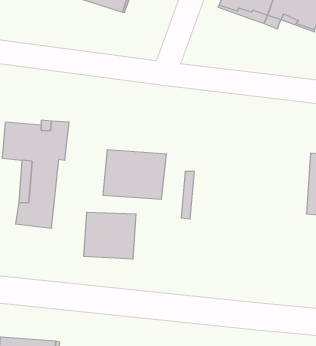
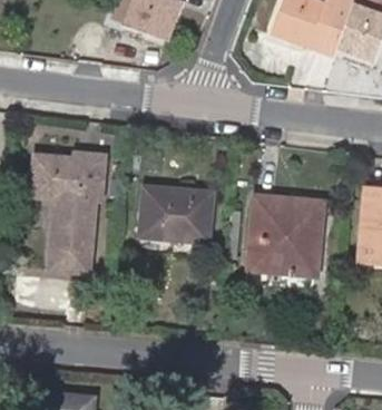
building: none -> [251,197,323,274]
building: [84,212,136,259] -> none

